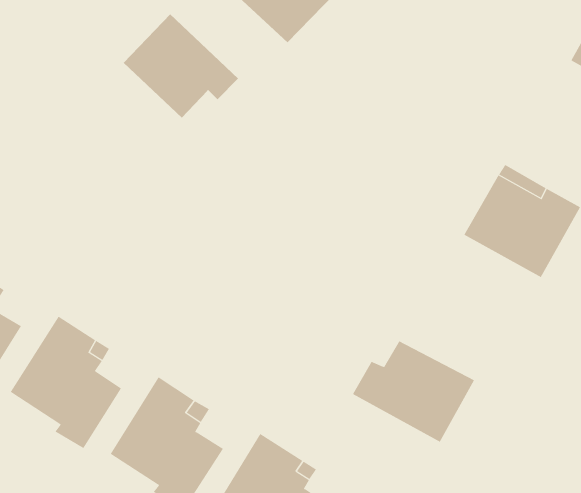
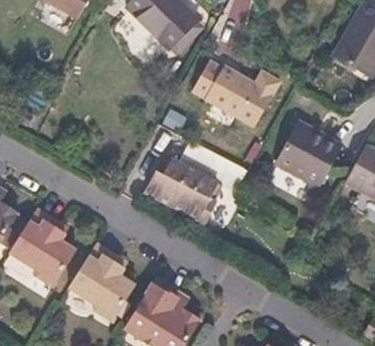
building: [123,13,239,118] -> none
building: none -> [190,63,277,130]
building: [352,341,475,442] -> [143,161,214,220]

